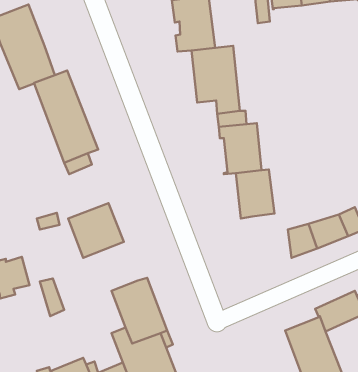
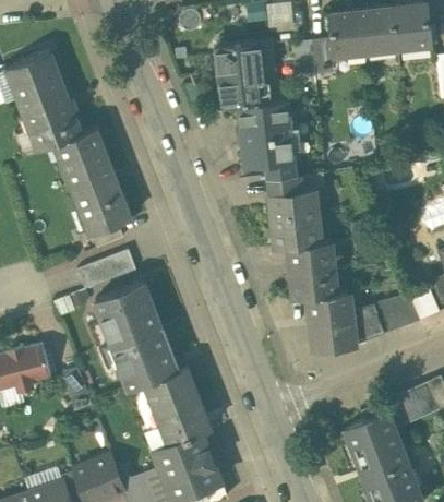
building: none -> [76,250,135,289]
building: none -> [308,292,353,350]
building: none -> [112,326,176,390]

